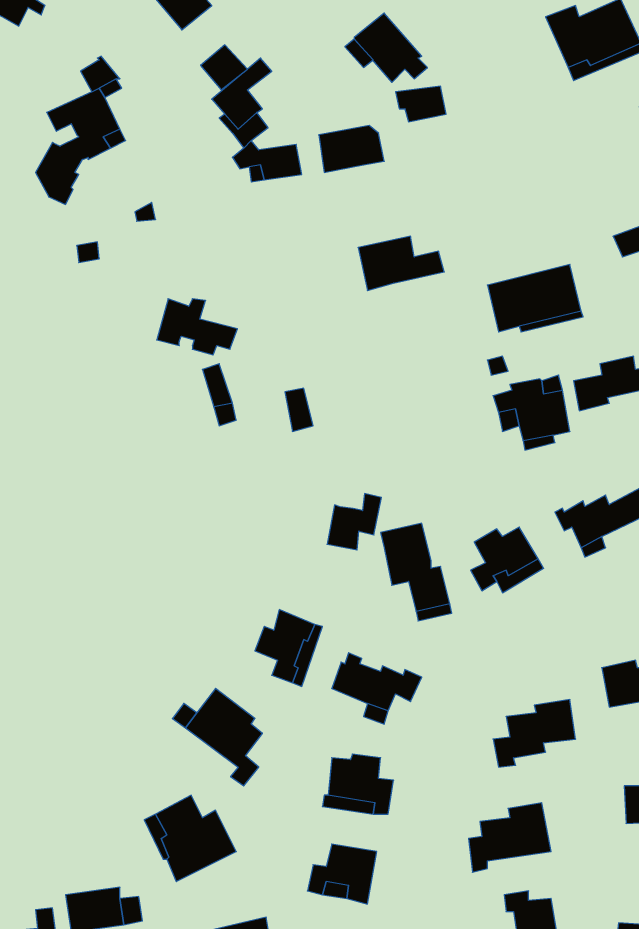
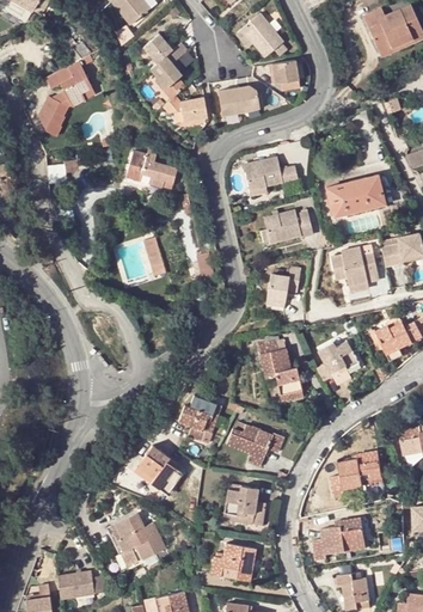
building: [157,299,237,355] -> [125,151,177,186]
building: none -> [263,210,312,244]
building: [327,494,381,550] -> [265,267,300,302]

